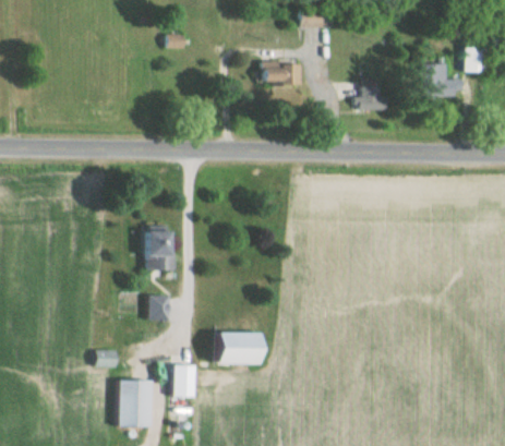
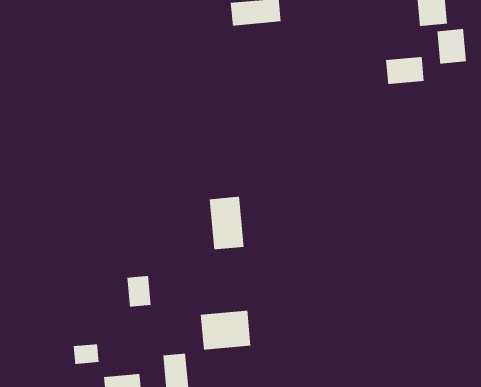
building: [361,87,394,109] -> [385,57,425,85]
building: none -> [437,28,467,64]
building: [145,226,172,270] -> [209,196,244,250]

